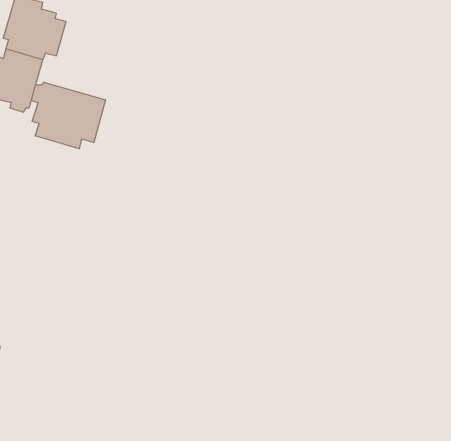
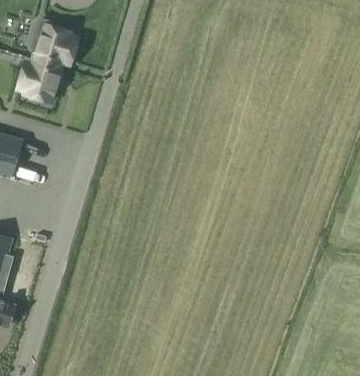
building: [31,82,105,149] -> none

